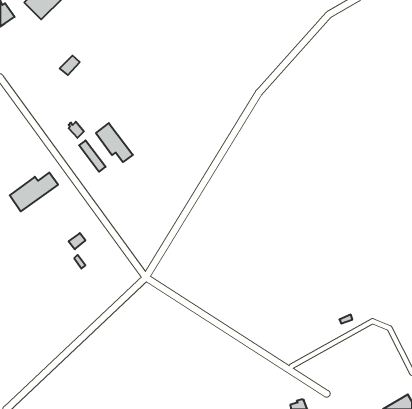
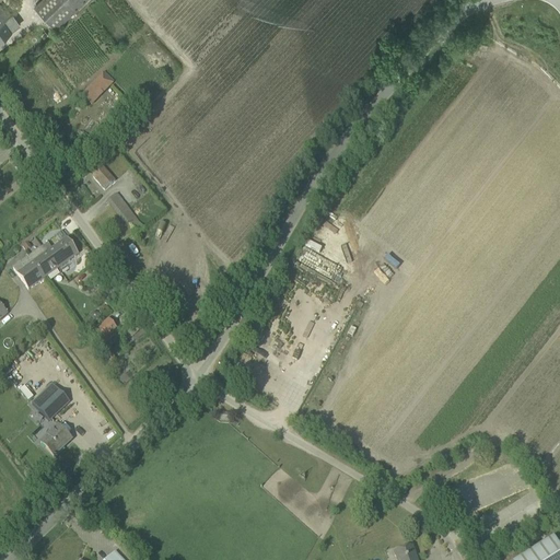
building: [96,123,133,162] -> none
building: none -> [37,381,69,418]
building: none -> [40,422,71,453]

